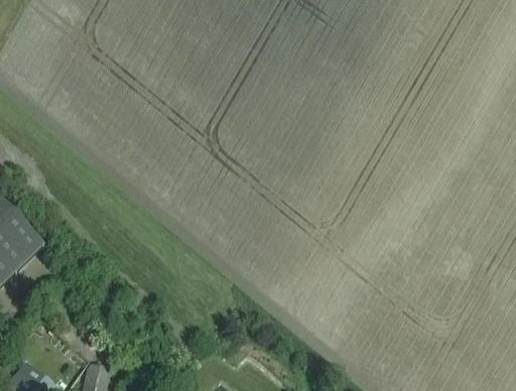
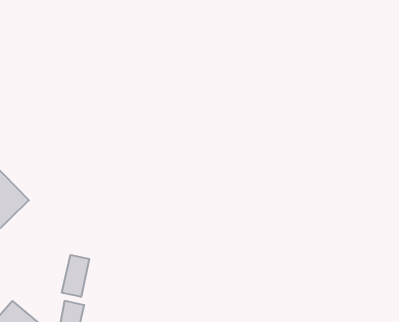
building: none -> [62,255,89,297]

